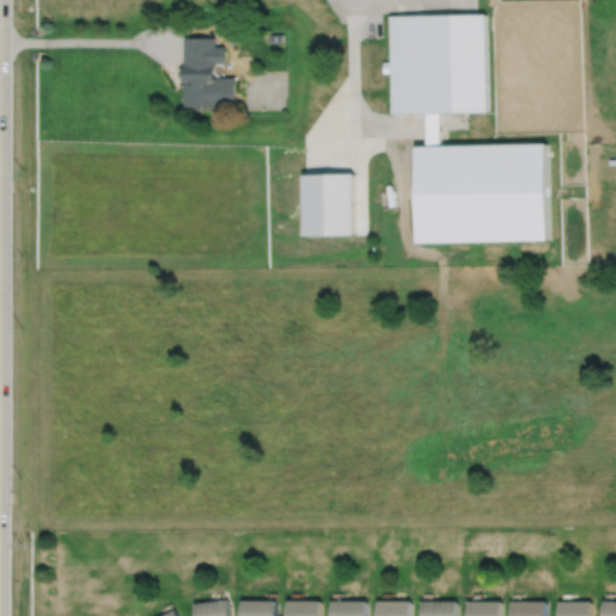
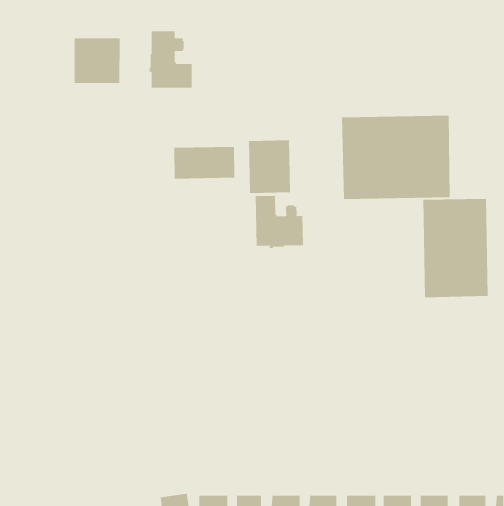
building: [380,13,486,114] -> none
building: none -> [74,38,120,84]
building: none -> [174,146,235,179]
building: none -> [255,195,303,249]
building: none -> [423,198,488,298]

